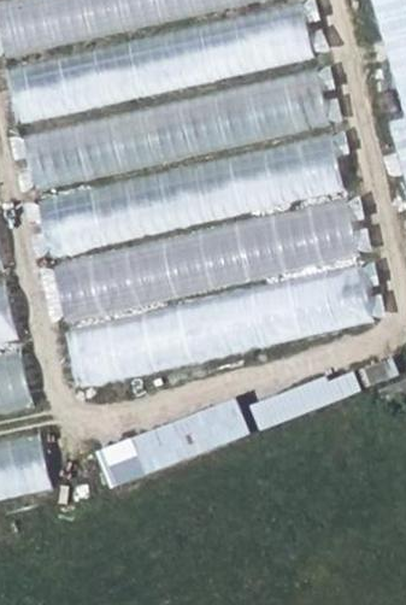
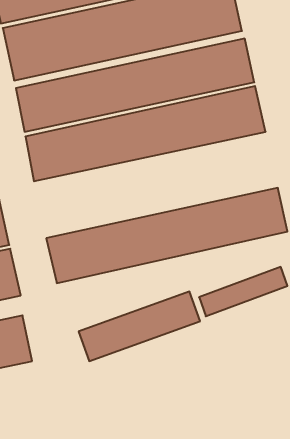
building: [49,202,352,318] -> none

